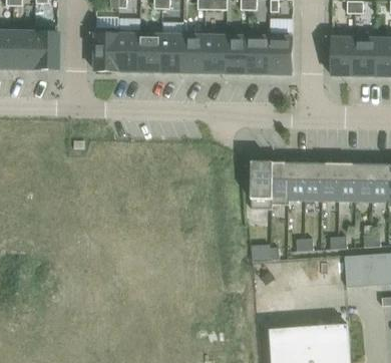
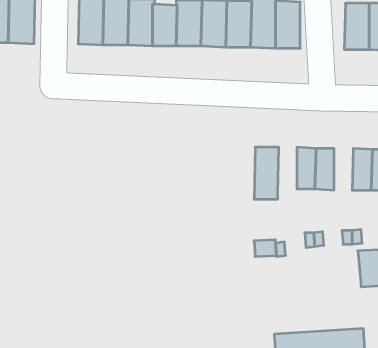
building: [273,162,290,205] -> none
building: [323,163,340,201] -> none

